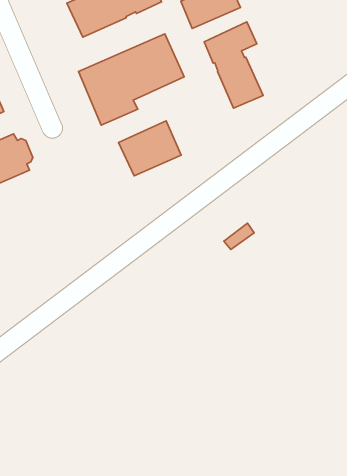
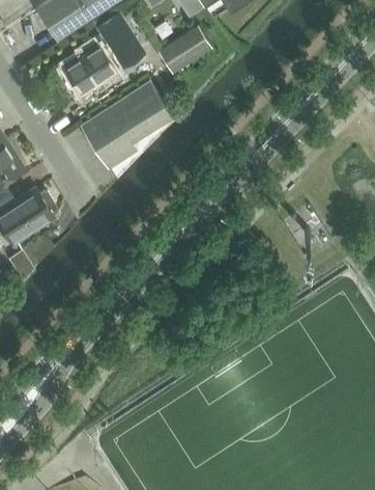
building: [204,22,263,108] -> none
building: [119,121,181,176] -> none

